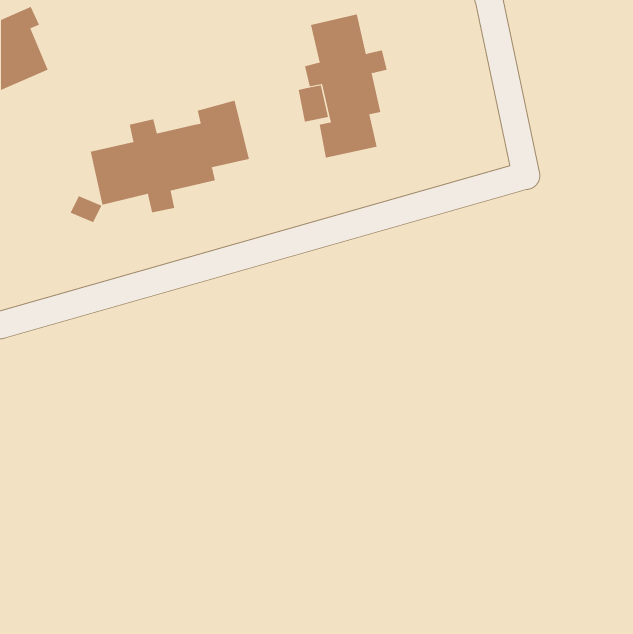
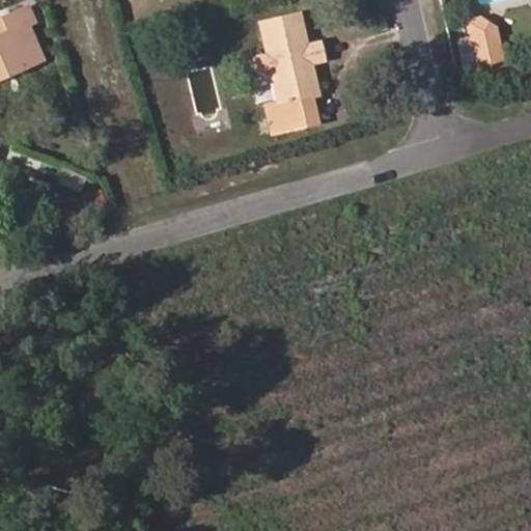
building: none -> [469,18,514,78]
building: [90,100,249,213] -> none

